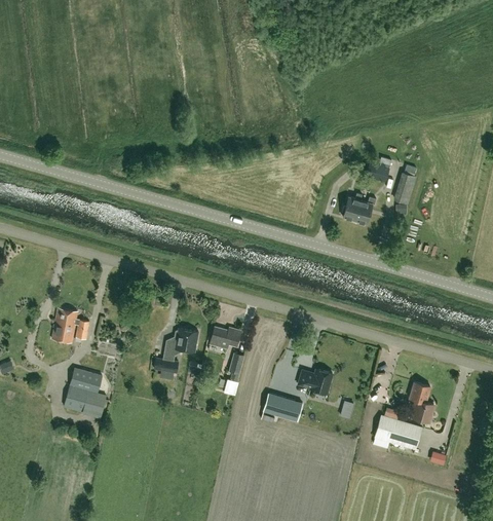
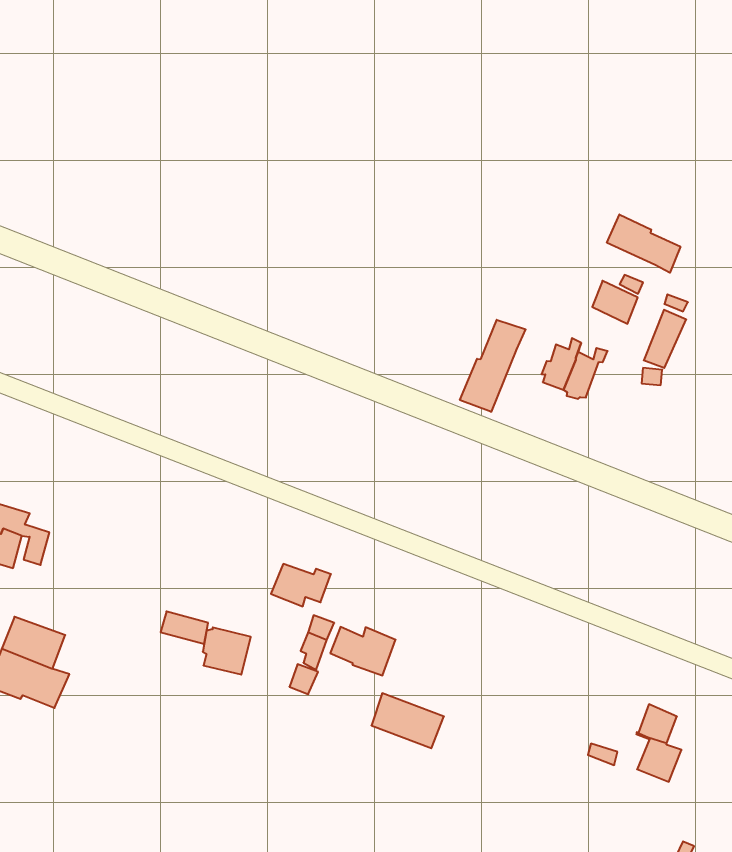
building: none -> [607,214,680,273]
building: none -> [460,320,526,412]
building: [173,329,197,352] -> [203,627,251,675]
building: [297,369,331,394] -> [330,627,396,675]
building: [375,417,421,450] -> none

